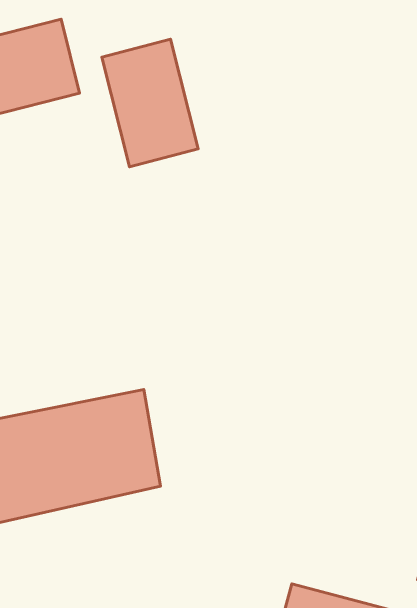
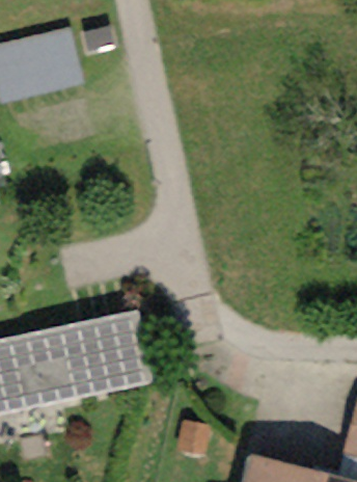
building: [102,39,198,167] -> none

